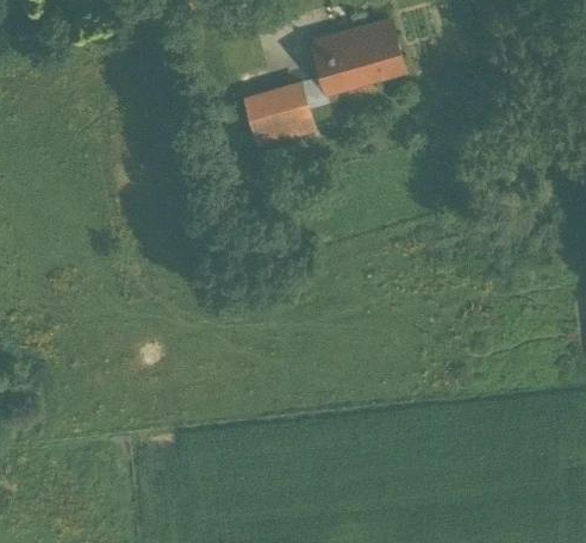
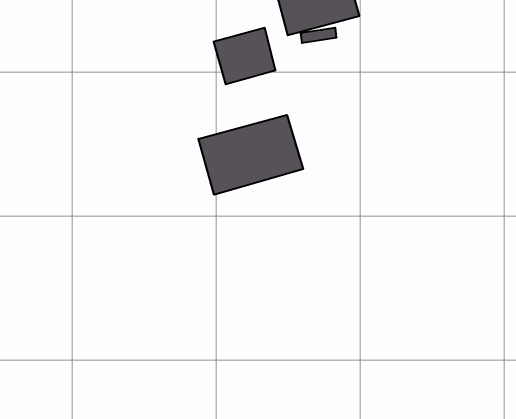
building: none -> [198,115,303,195]

